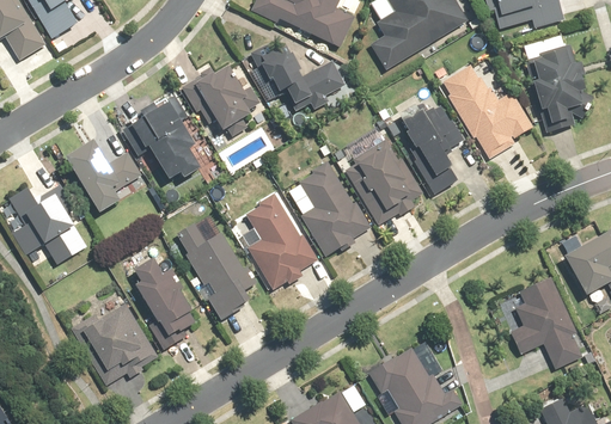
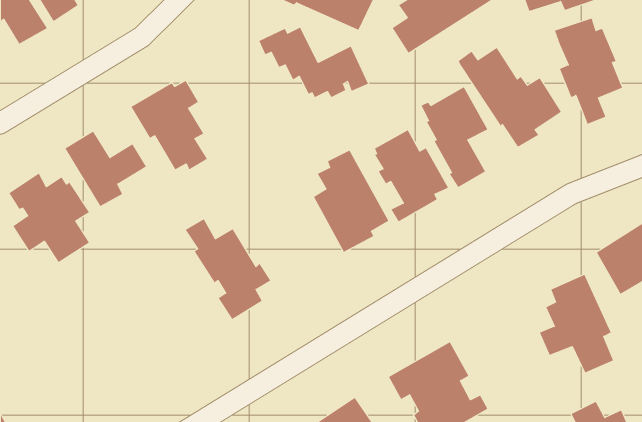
building: [189,68,259,137] -> none
building: [243,193,318,290] -> none
building: [132,260,195,350] -> none
building: [74,301,160,392] -> none

